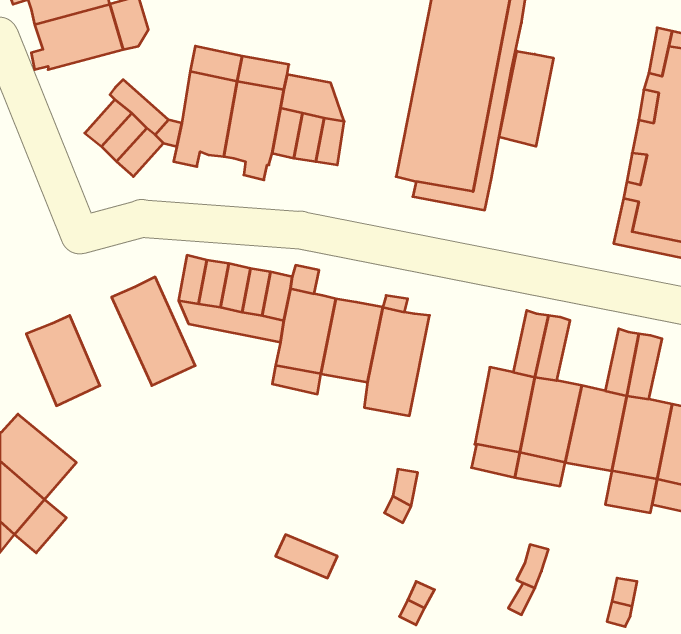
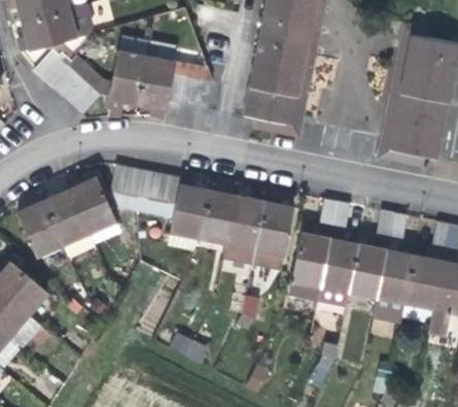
building: [499,51,553,146] -> none
building: none -> [33,47,71,88]
building: none -> [43,189,94,255]
building: none -> [252,200,293,268]

